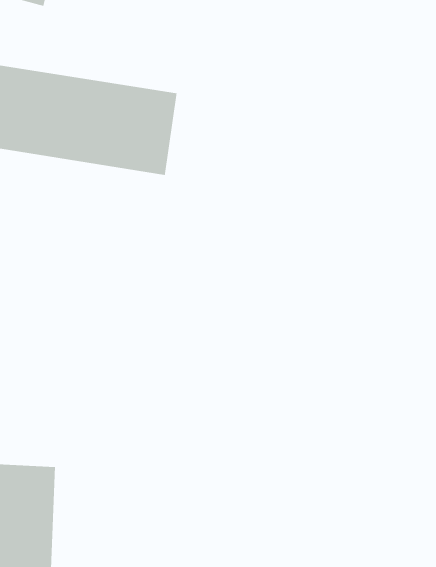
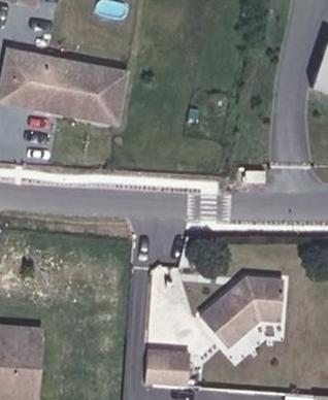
building: none -> [194,277,281,351]
building: none -> [141,348,189,387]

